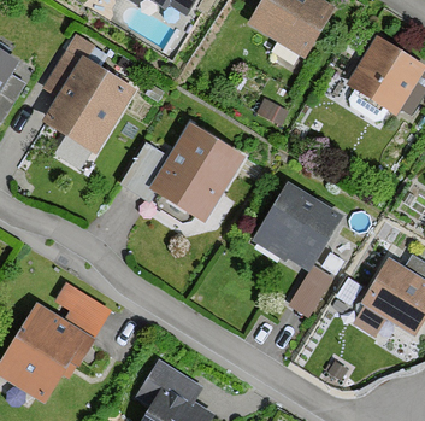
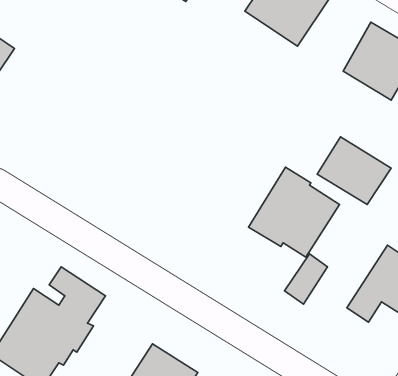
building: [42,34,137,153] -> none
building: [122,123,246,220] -> none
building: none -> [317,137,391,205]

